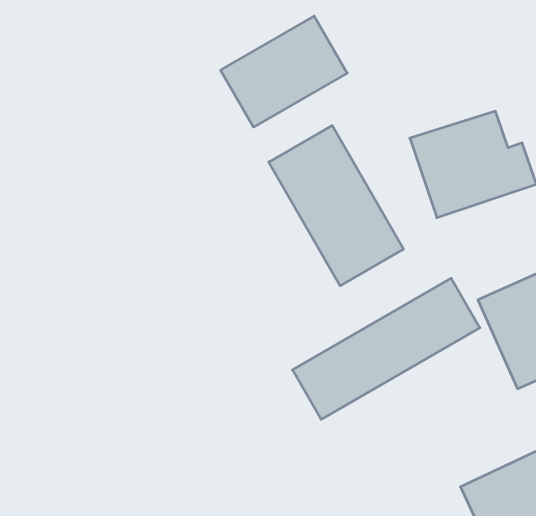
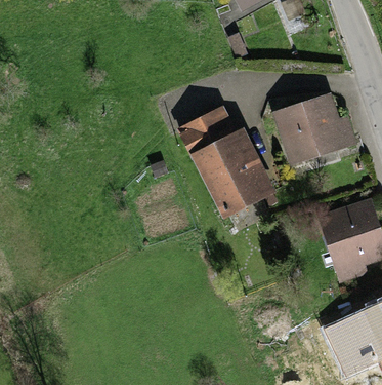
building: [221,16,347,127] -> none
building: [292,278,480,419] -> none

